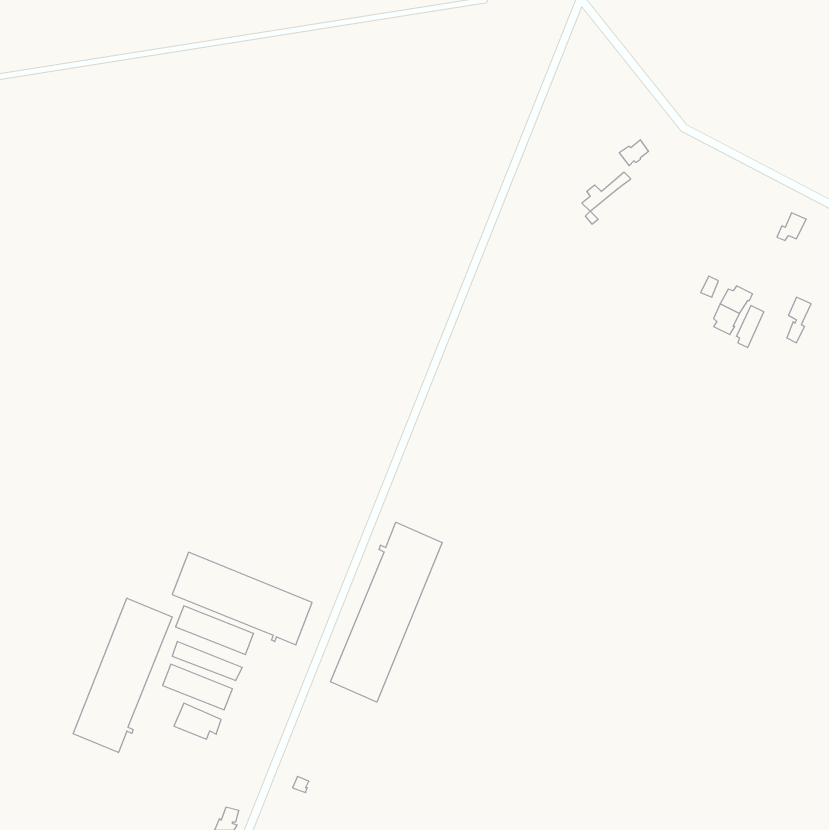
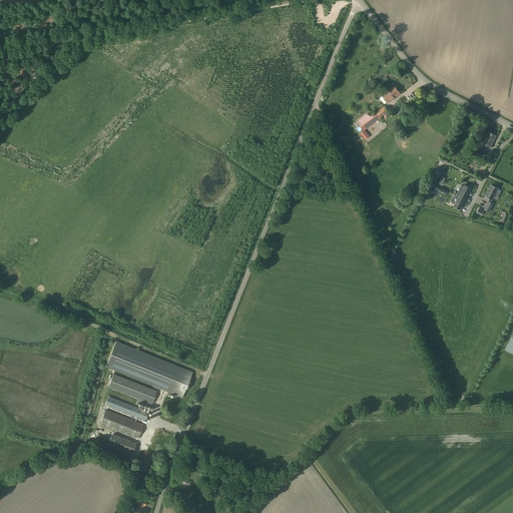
building: [331,522,442,702] -> none
building: [73,598,172,753] -> none

